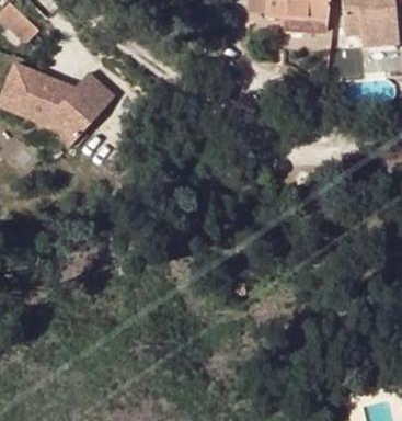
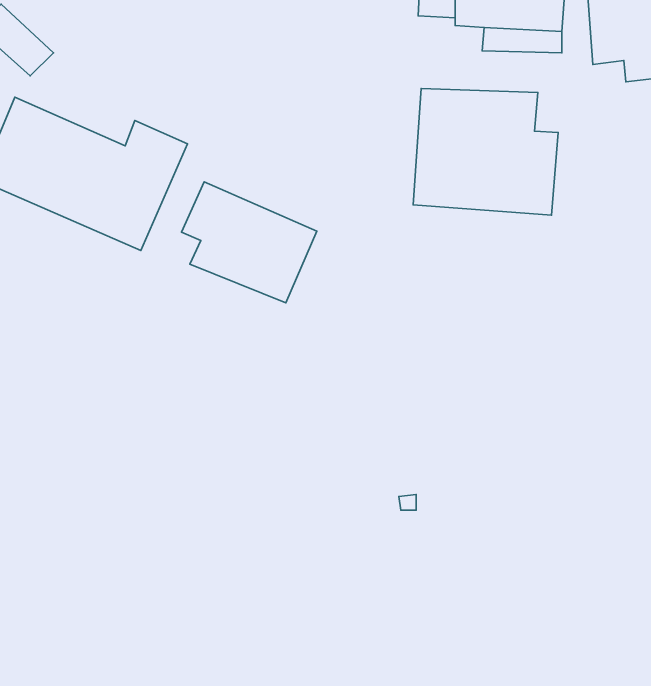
building: none -> [413,88,558,215]
building: none -> [181,182,317,303]

